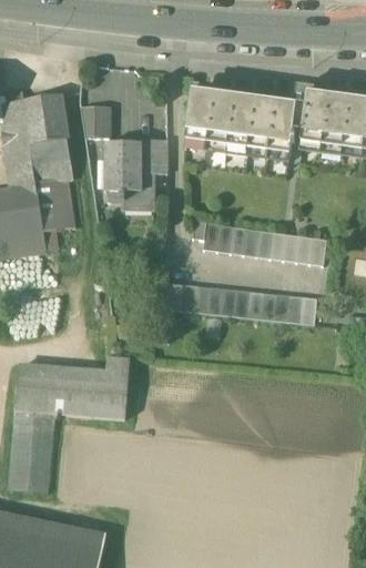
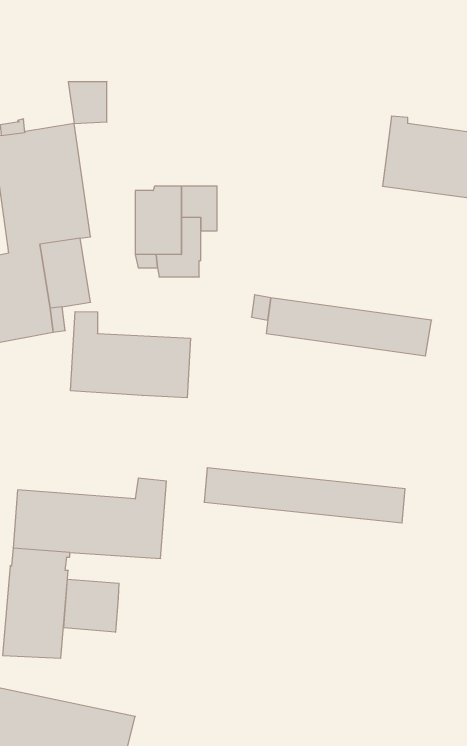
building: [184,90,294,153] -> none
building: [80,105,109,136] -> [68,82,107,123]
building: none -> [71,312,190,398]
building: [166,282,316,323] -> [204,468,405,523]
building: none -> [64,579,119,632]

